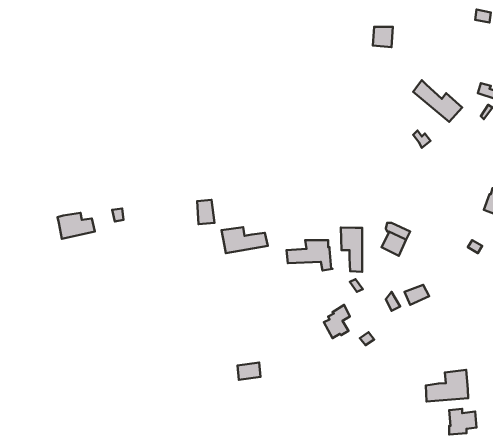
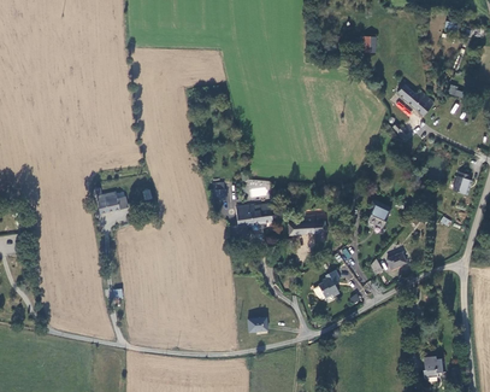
building: [341,228,362,272] -> none
building: [426,370,468,401] -> none

